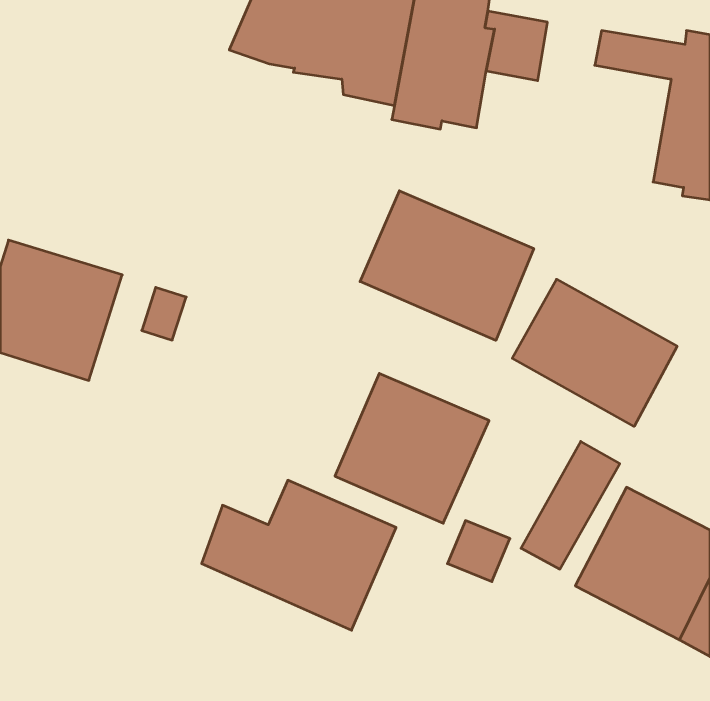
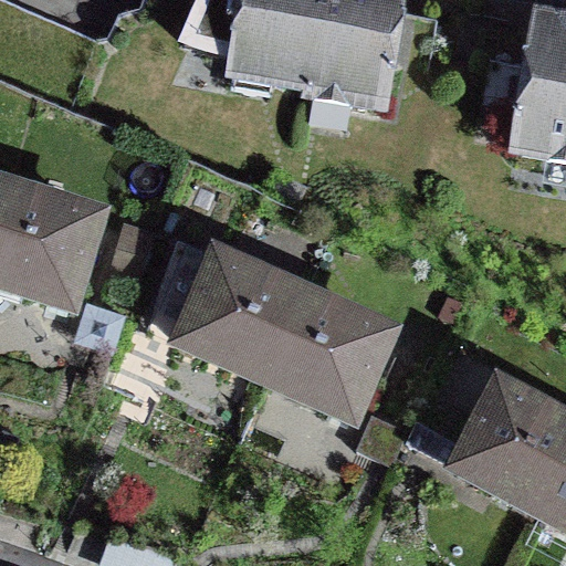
building: [360,191,534,340] -> none
building: [512,279,677,426] -> none
building: [202,480,396,630] -> [147,260,302,379]

